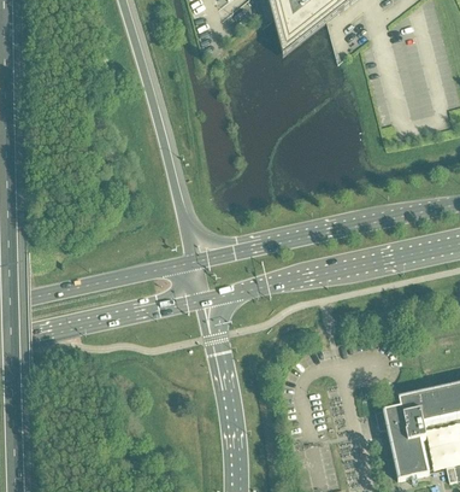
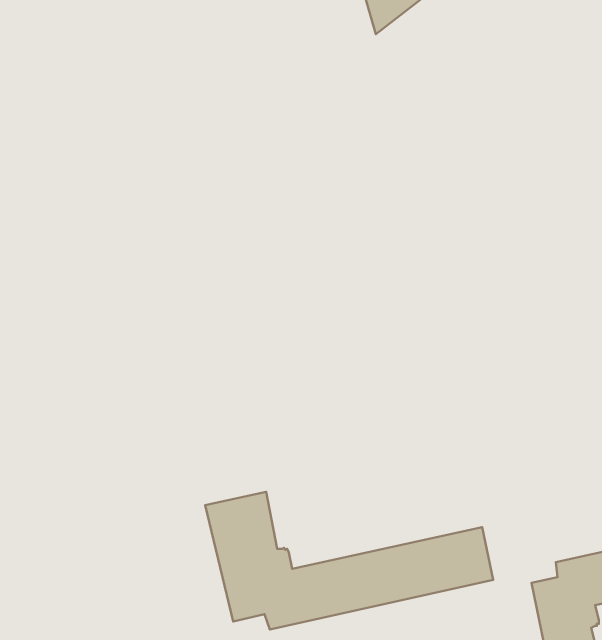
building: none -> [205,492,493,630]

